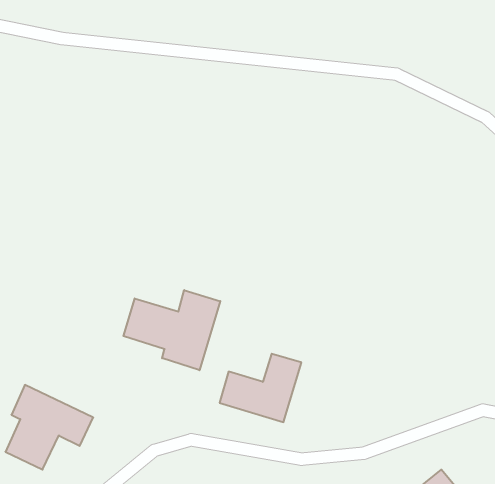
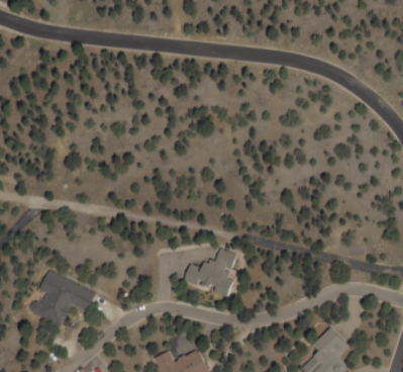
building: [123,290,220,370] -> none

